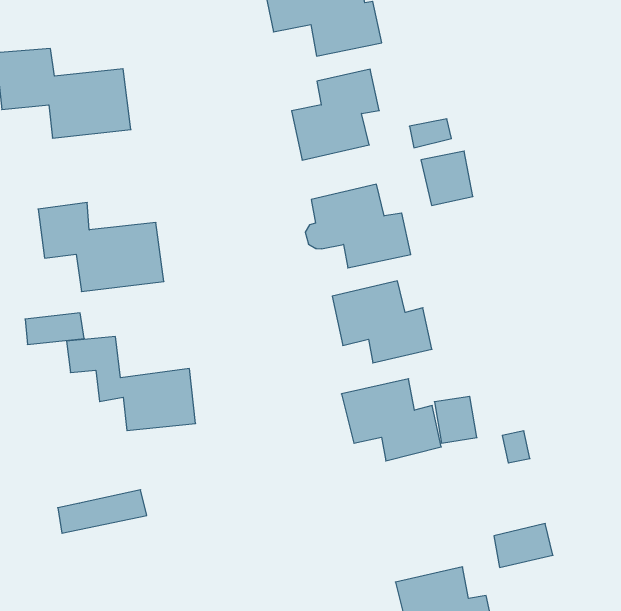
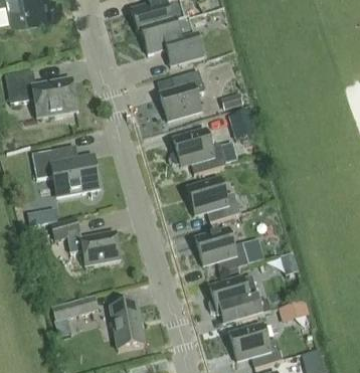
building: none -> [208,274,271,324]
building: none -> [111,301,144,349]

